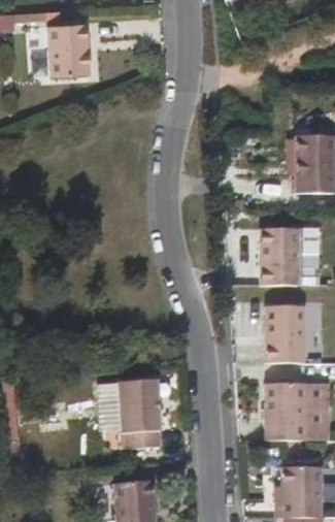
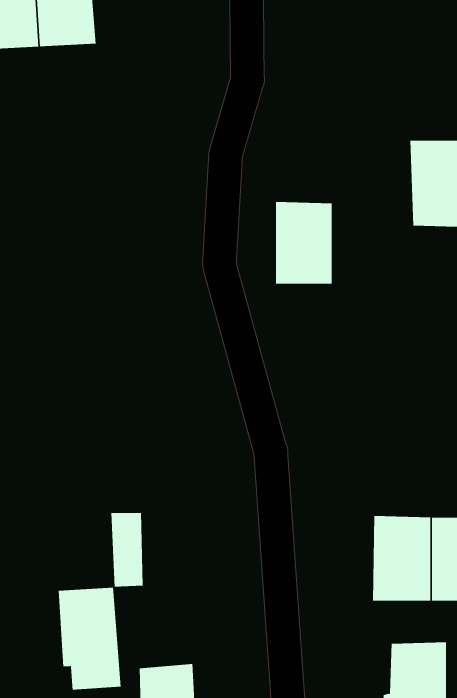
building: [261,229,299,284] -> [275,201,333,284]
building: [261,306,299,357] -> none
building: [119,381,161,449] -> [58,587,122,690]

